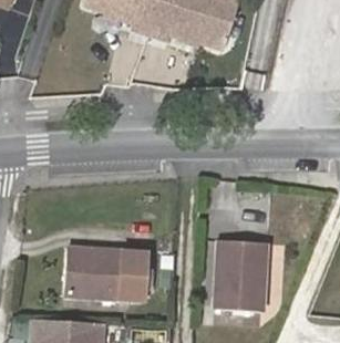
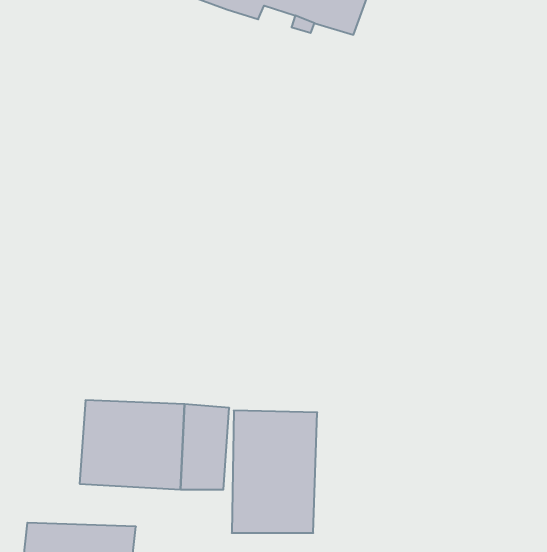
building: [219,231,268,301] -> [232,411,317,533]

